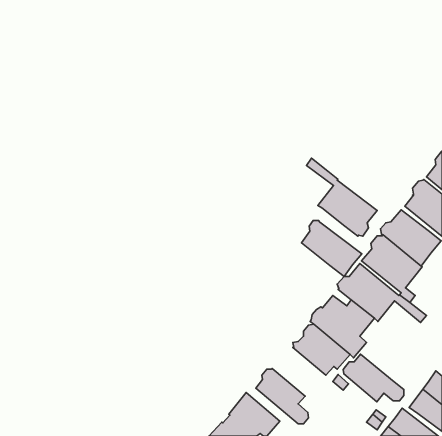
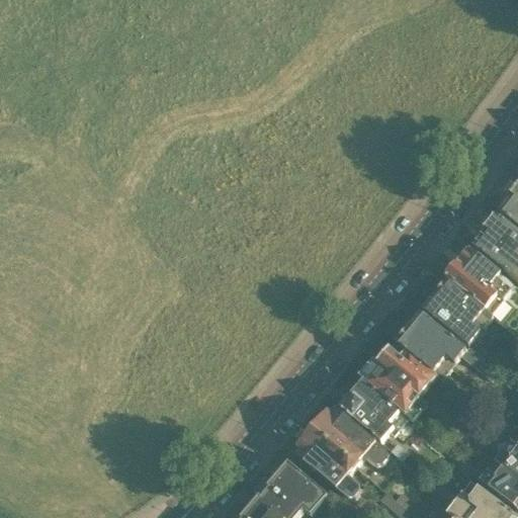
building: [307,158,377,236] -> none
building: [302,220,362,277] -> none
building: [343,354,404,402] -> [317,407,387,462]

